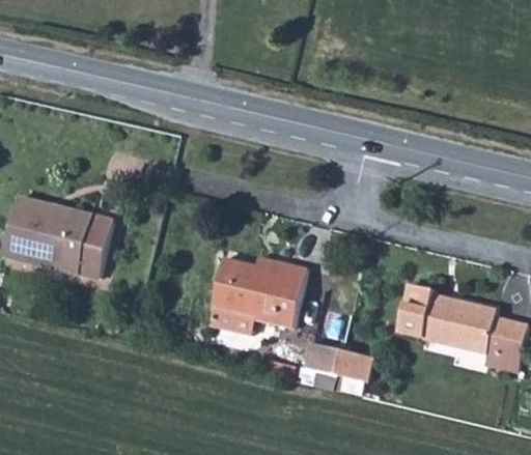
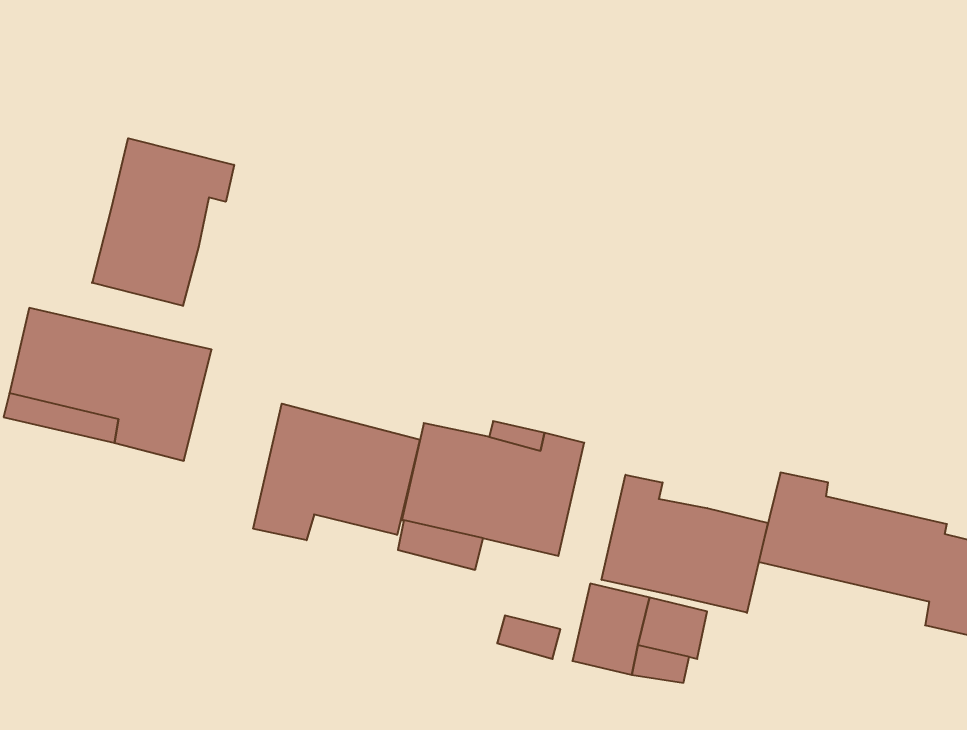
building: none -> [92,138,234,306]
building: none -> [253,404,420,540]
building: none -> [602,475,768,613]

